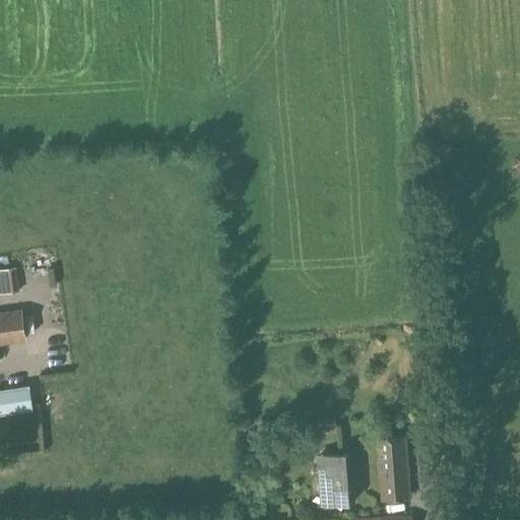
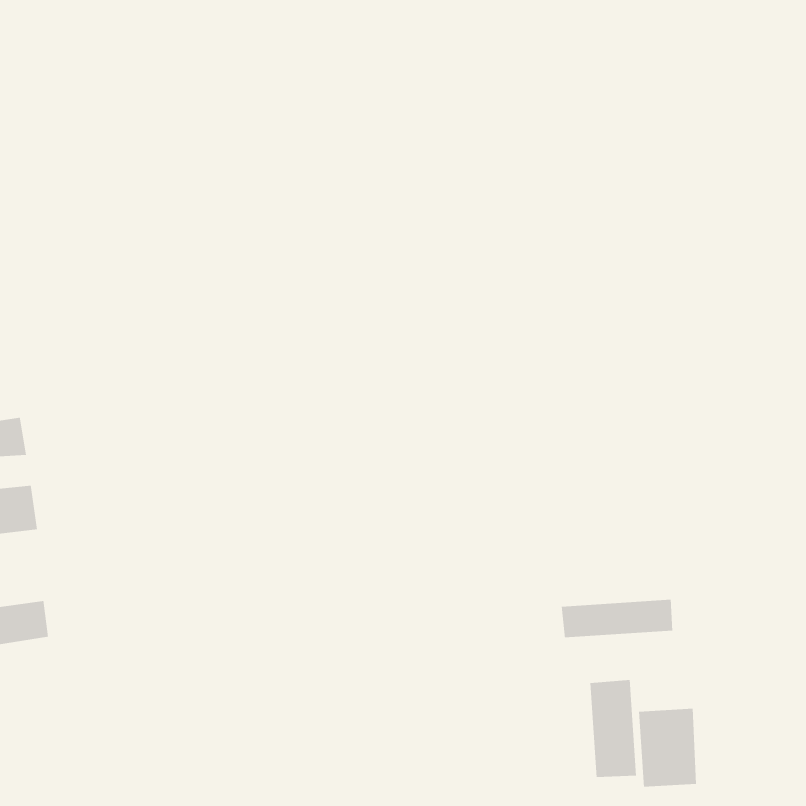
building: none -> [561,599,673,638]
building: [316,455,353,506] -> [638,708,697,787]

